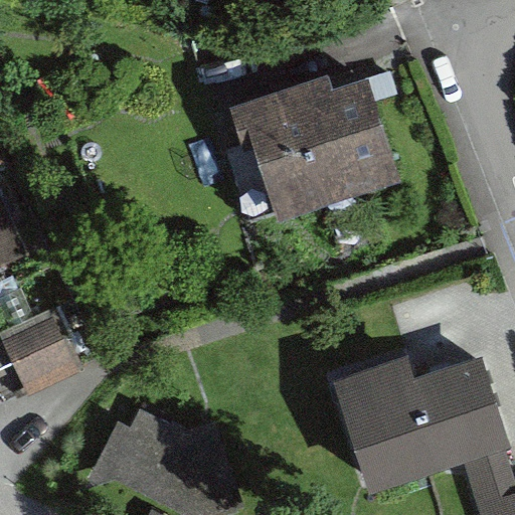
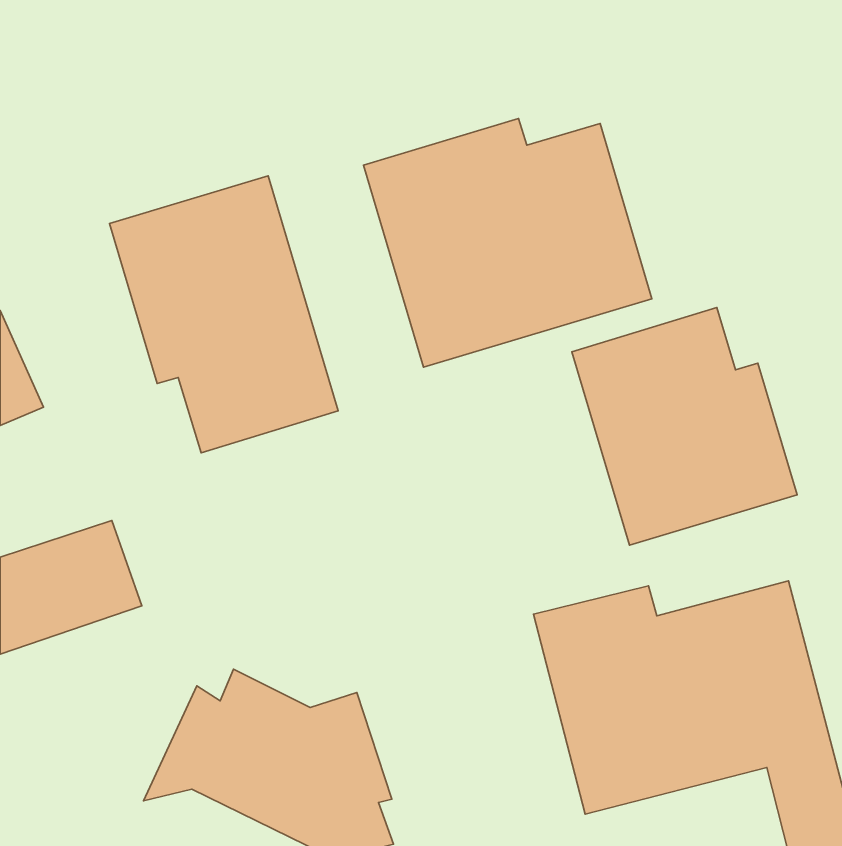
building: none -> [110,176,338,453]
building: none -> [572,308,797,545]

